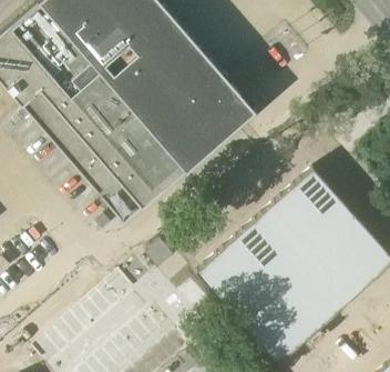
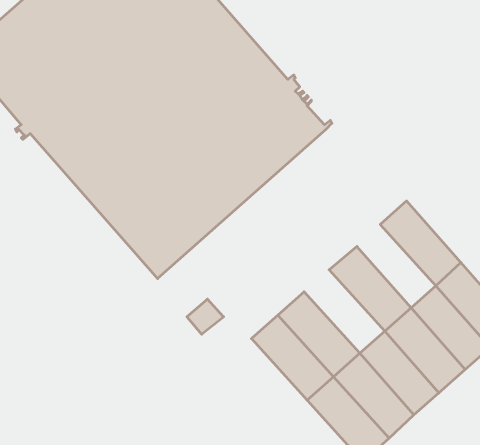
building: [275,184,335,248] -> none
building: [235,219,296,282] -> none

